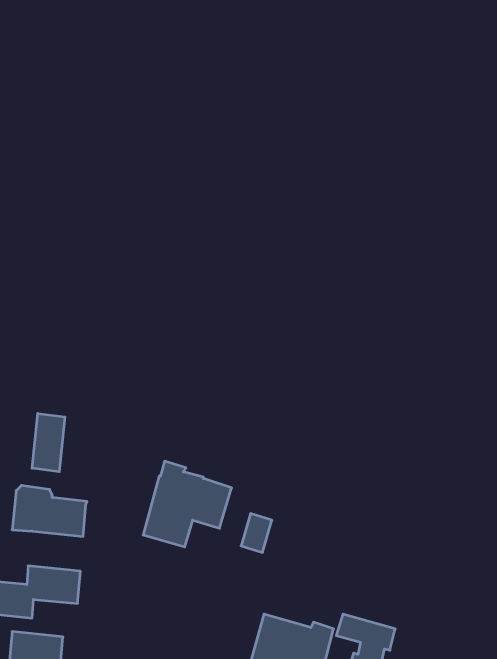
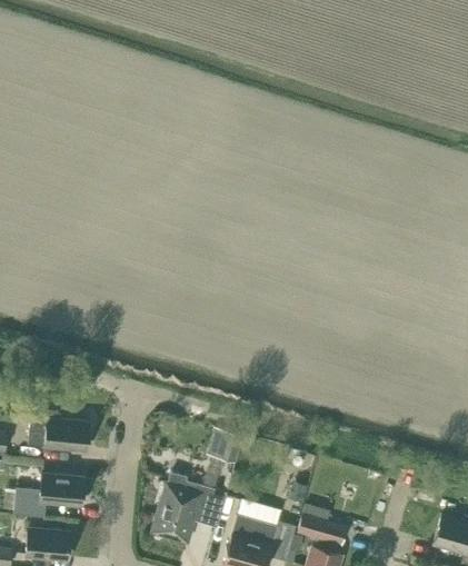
building: [32,413,65,472] -> none
building: [143,461,232,547] -> [152,471,226,543]

